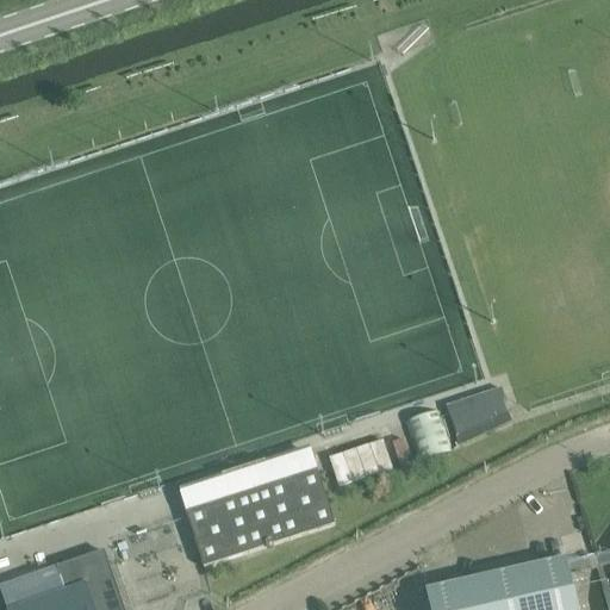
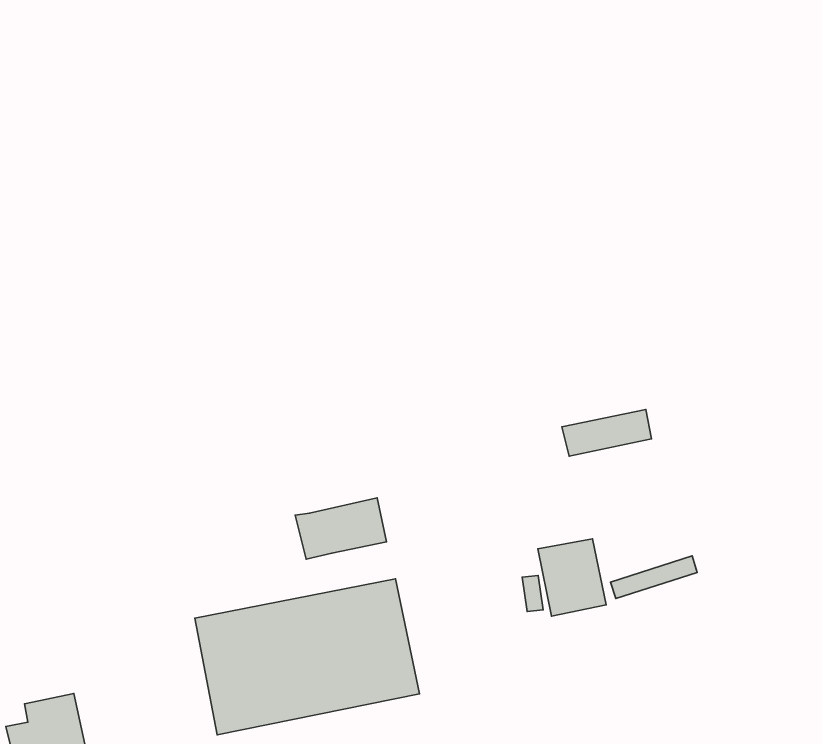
building: [444,387,505,424] -> [562,410,651,456]
building: [326,437,390,484] -> [295,498,387,559]

